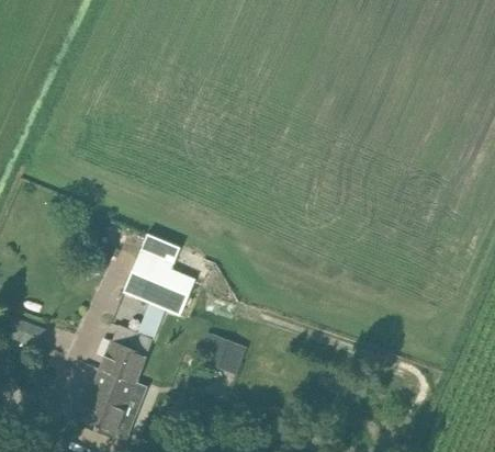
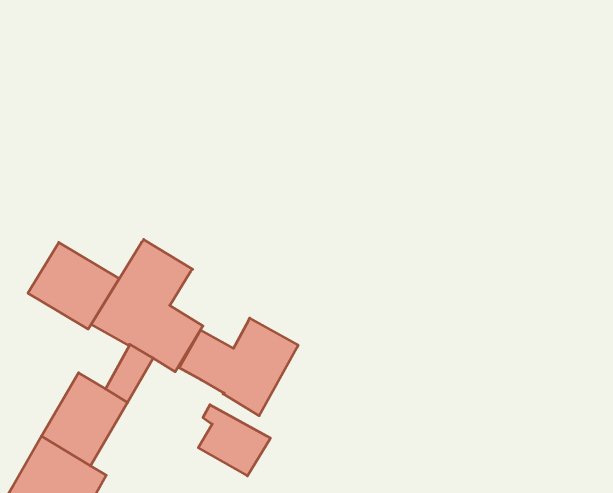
building: none -> [28,242,119,329]
building: none -> [179,318,298,416]

